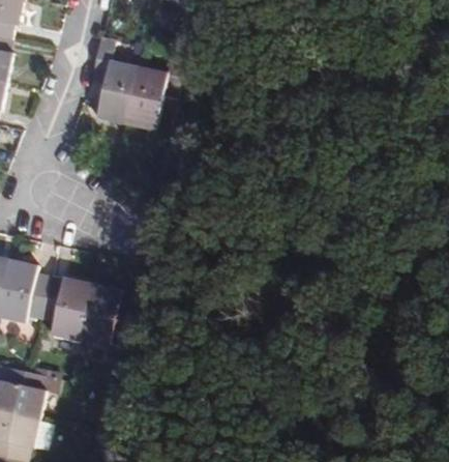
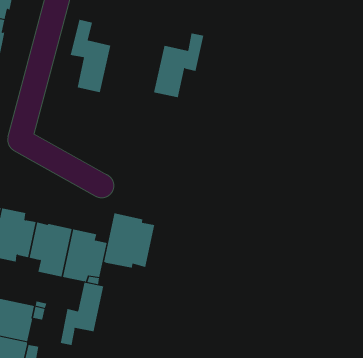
building: [124,53,184,129] -> [153,33,204,98]
building: none -> [103,213,155,269]
building: none -> [60,282,104,346]

